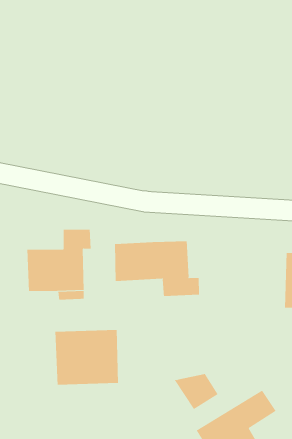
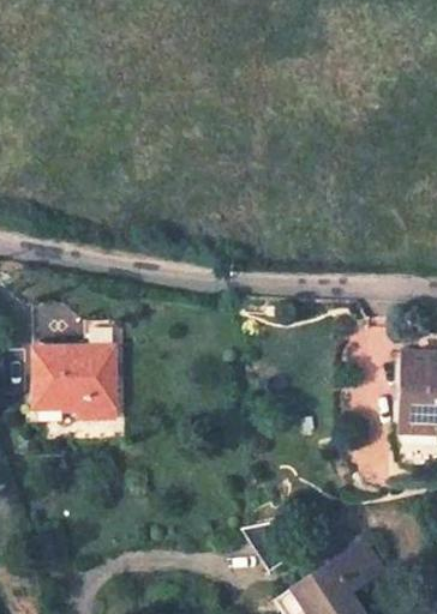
building: [114,240,199,297] -> none
building: [55,329,118,386] -> none

